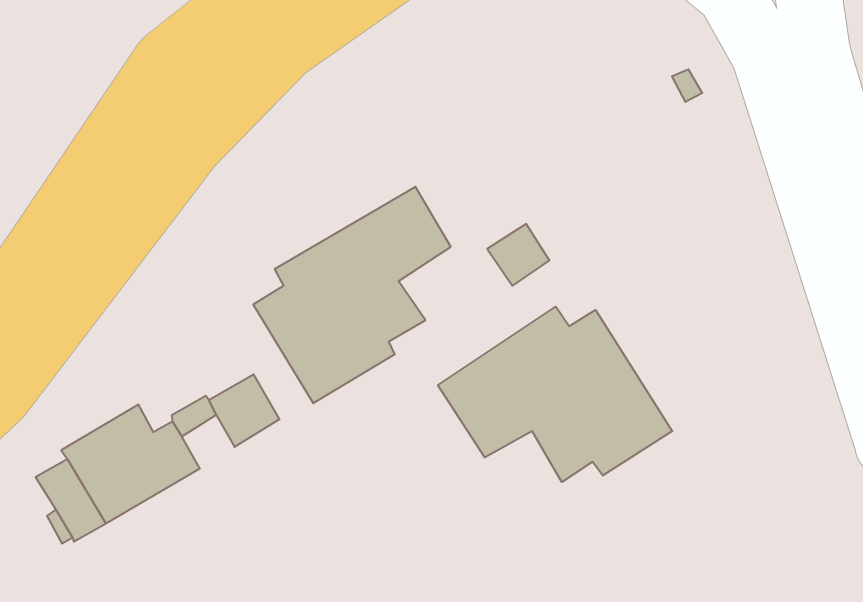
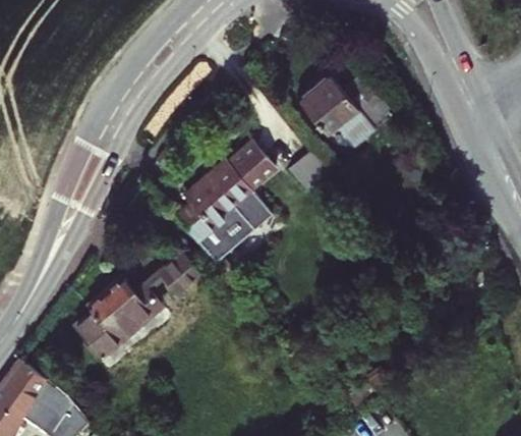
building: none -> [299,74,393,147]
building: [438,307,672,482] -> none

